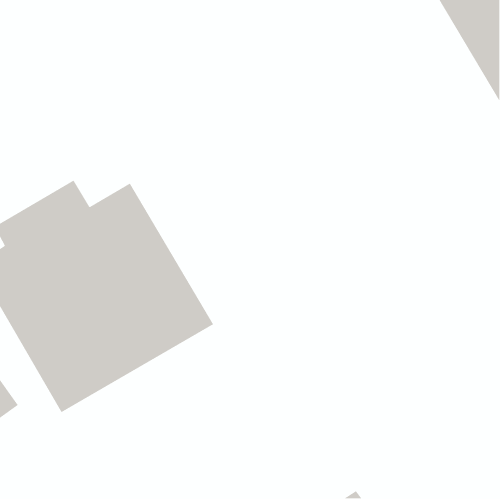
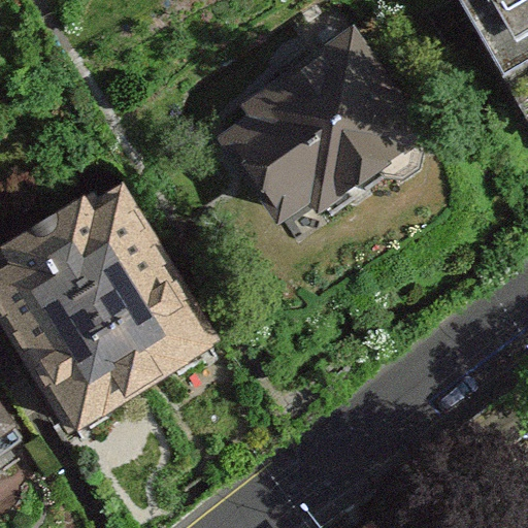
building: none -> [214,32,425,233]

